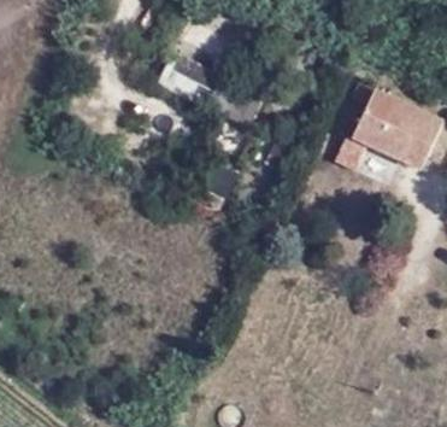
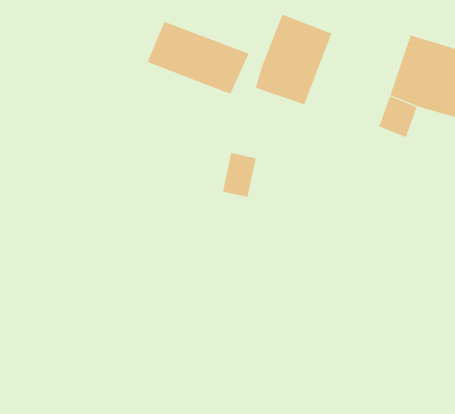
building: none -> [255,14,332,105]

